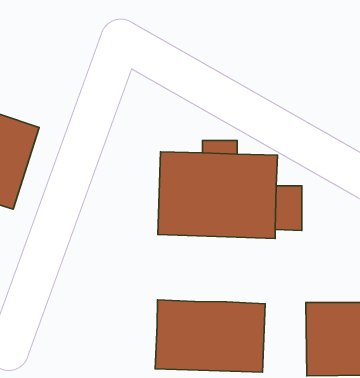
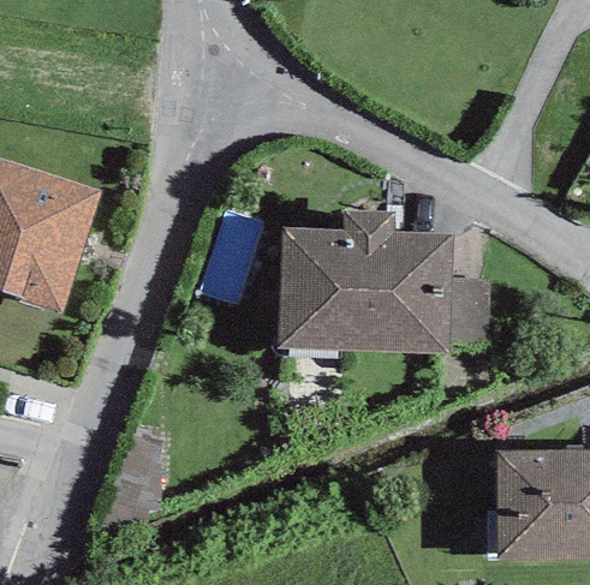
building: [155,300,265,372] -> none

